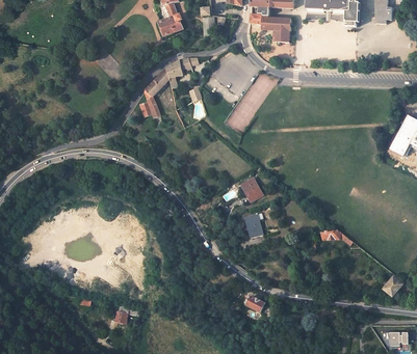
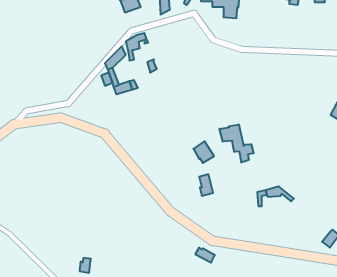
building: none -> [220,124,254,163]

